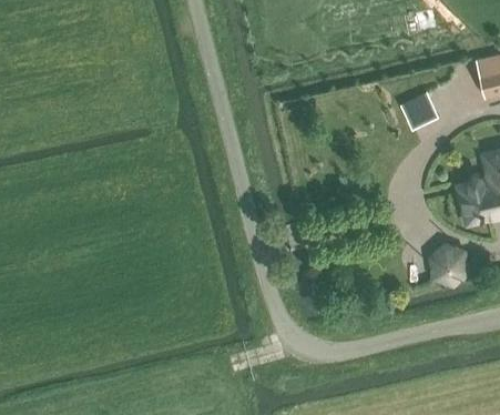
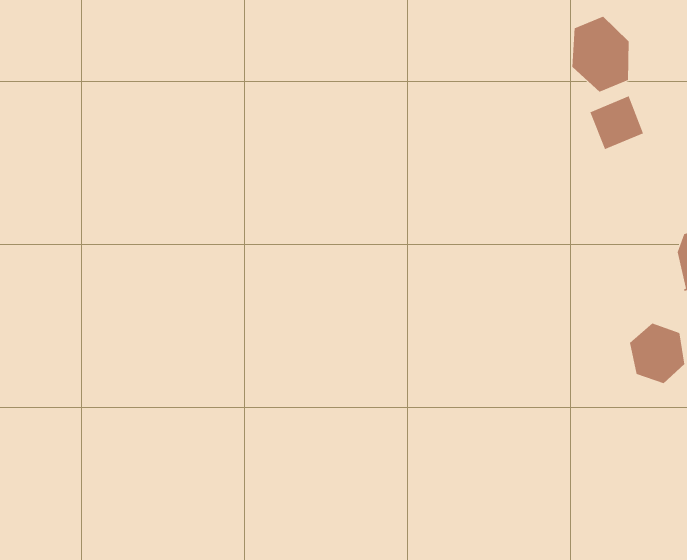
building: none -> [572,16,629,93]

